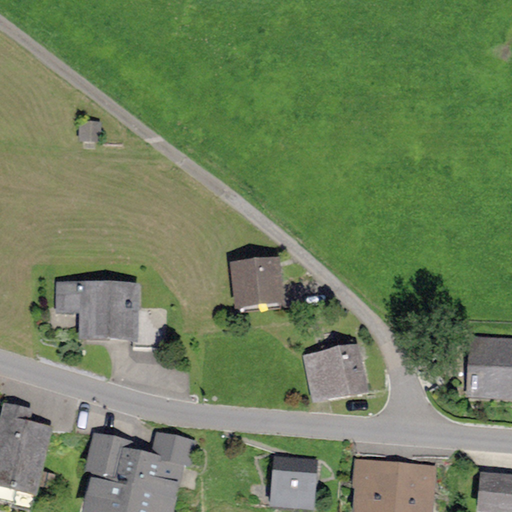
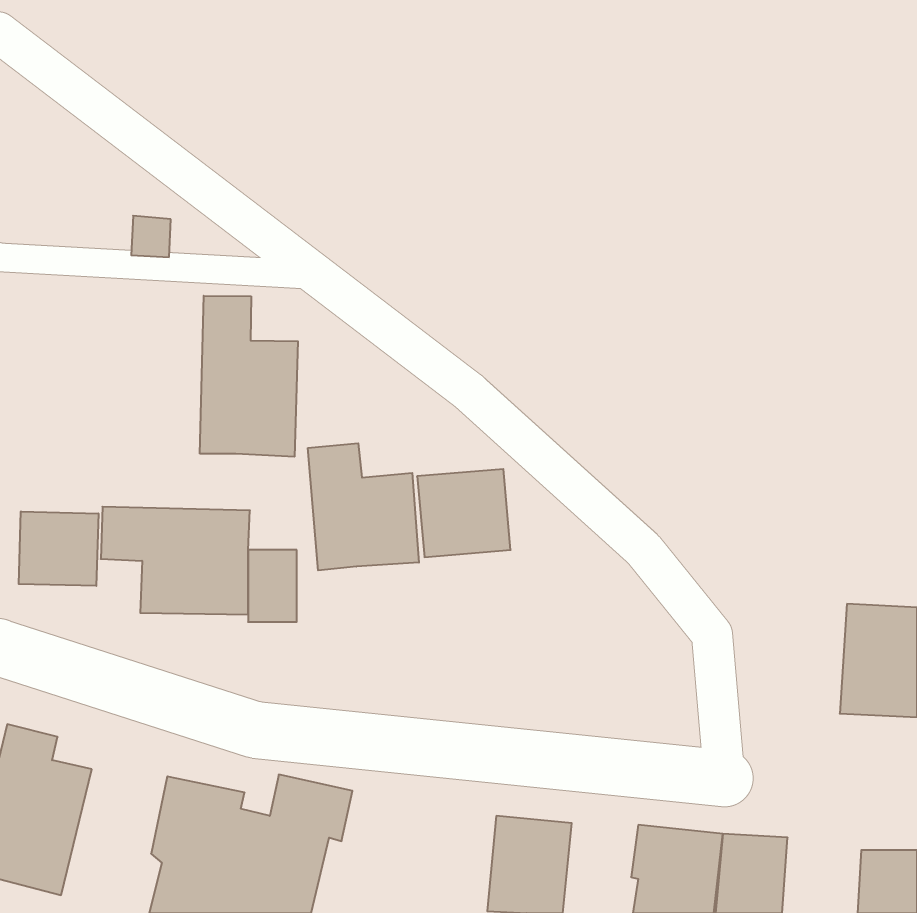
building: none -> [200,296,298,457]
building: none -> [308,443,419,570]
building: none -> [19,511,98,586]
building: [301,345,367,401] -> none

